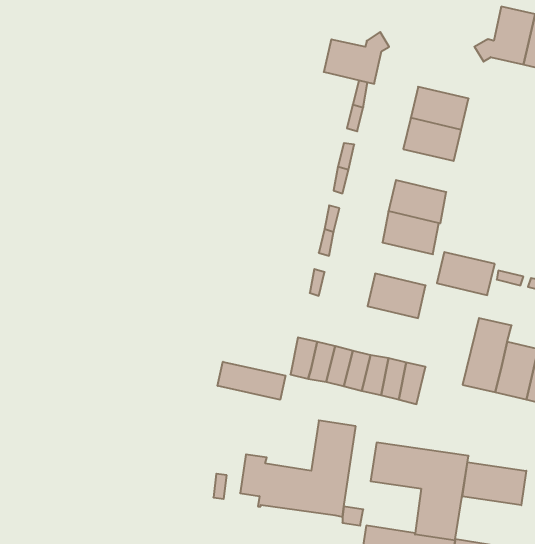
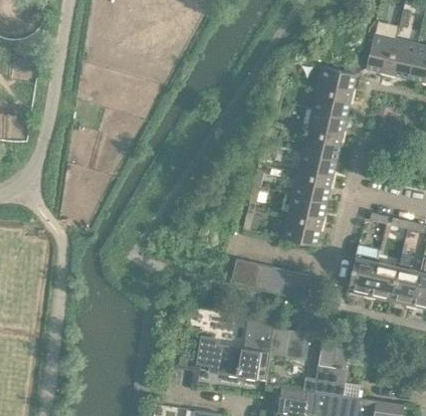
building: [324,32,389,84] -> [315,61,360,96]
building: none -> [300,131,340,160]
building: [437,252,495,295] -> [286,194,326,223]
building: [218,362,285,400] -> none
building: [463,462,526,505] -> none

